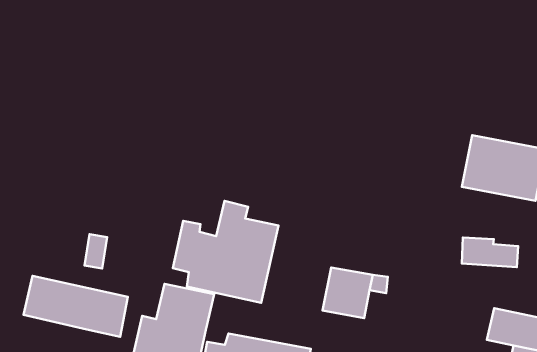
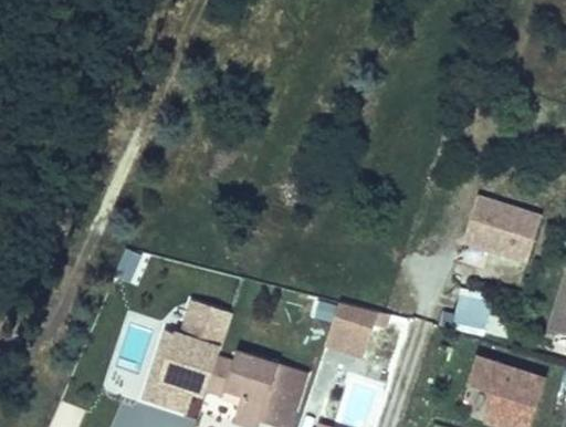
building: [173,201,278,303] -> none
building: [23,276,128,337] -> none

